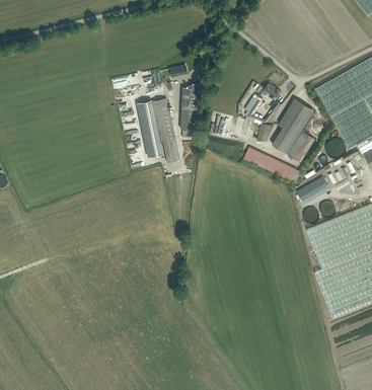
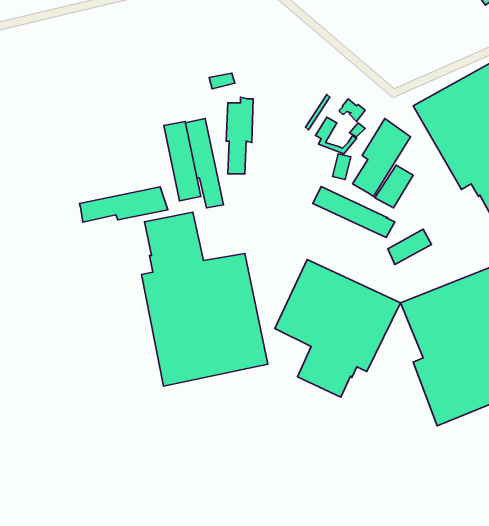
building: none -> [79,187,168,222]
building: none -> [142,212,268,386]
building: none -> [275,259,400,397]

